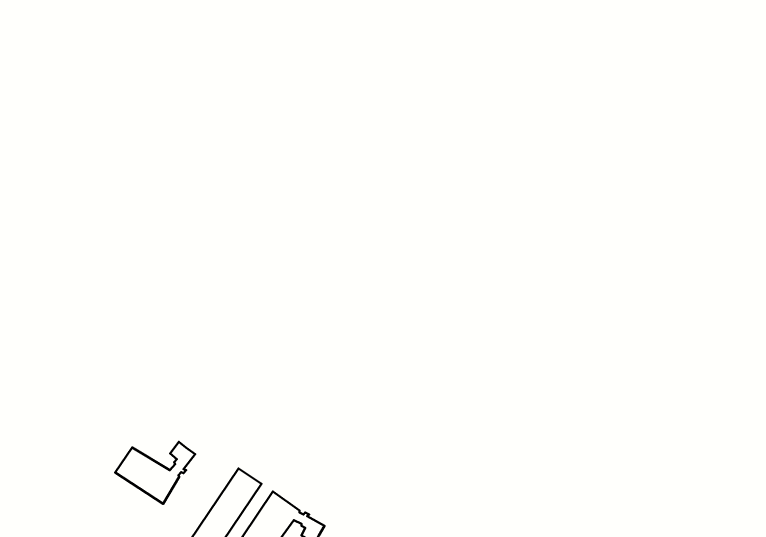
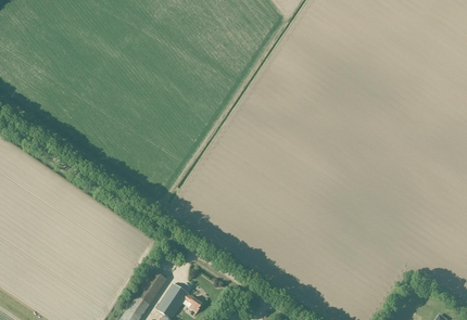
building: [115,442,195,504] -> none

